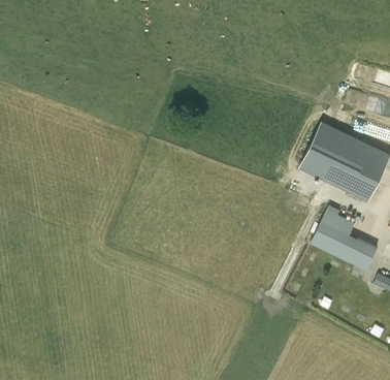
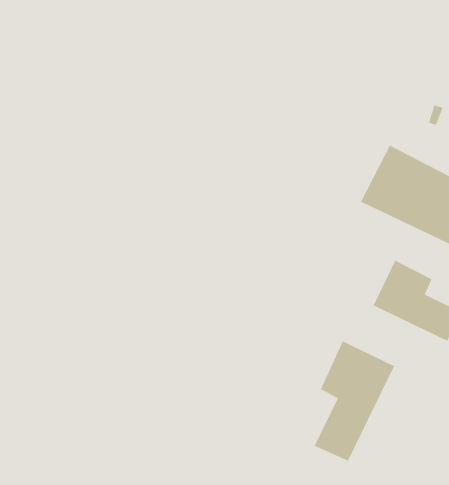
building: none -> [314,340,395,461]

